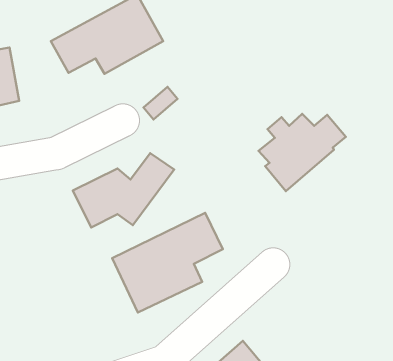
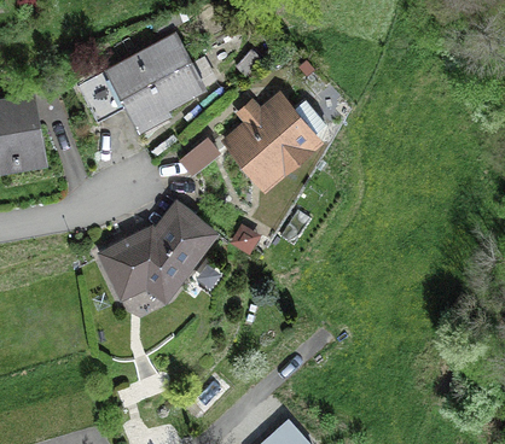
building: [259,114,346,191] -> [228,99,325,185]
building: [112,213,223,312] -> none

